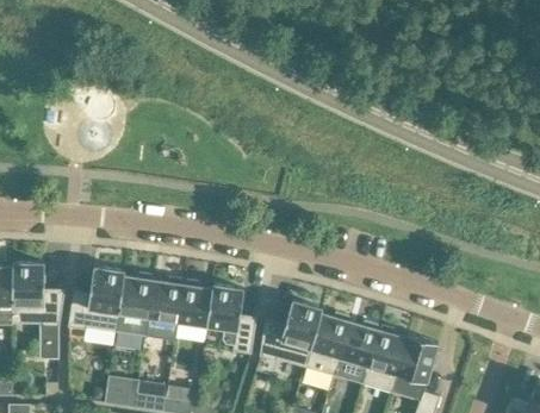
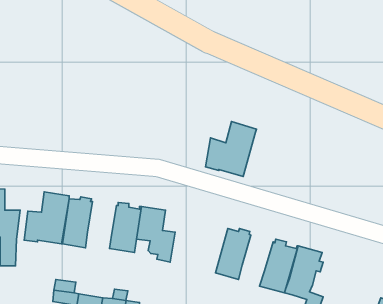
building: [148,279,184,321] -> none
building: [260,300,323,368] -> [206,122,256,176]
building: [335,321,378,384] -> none

